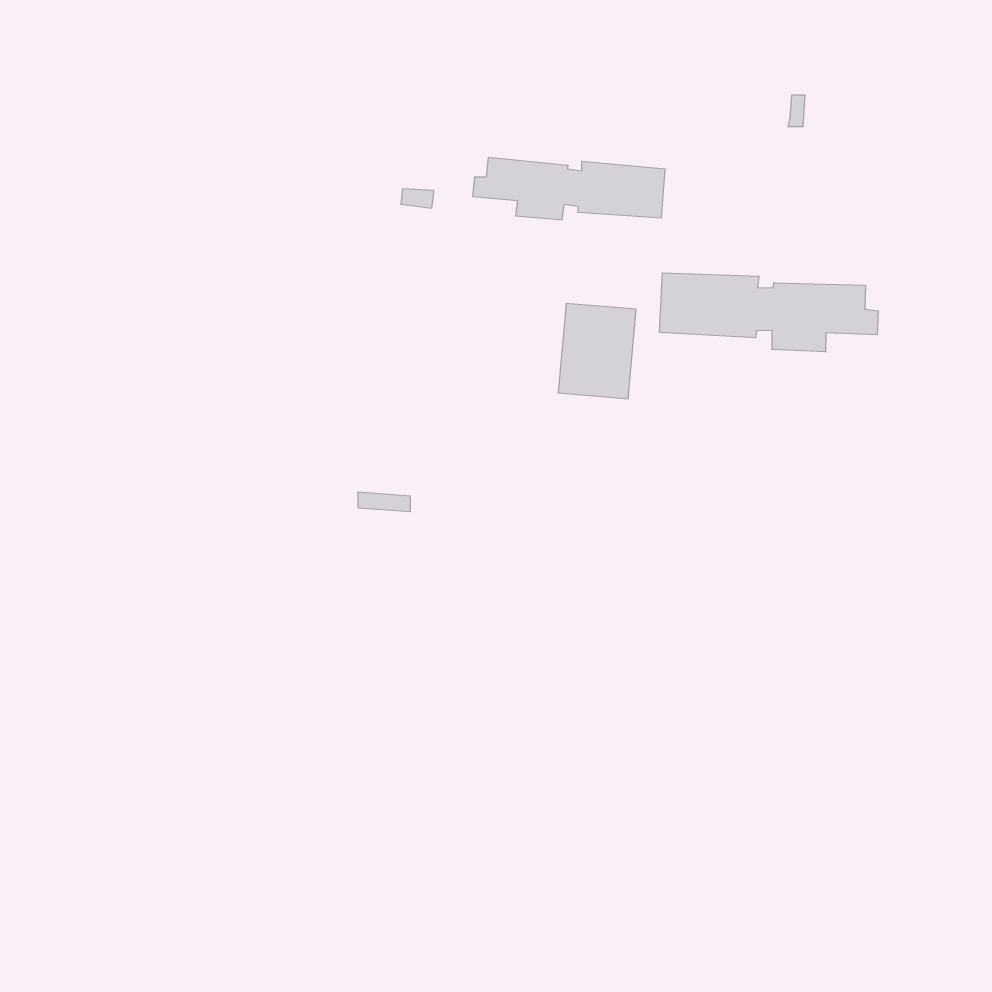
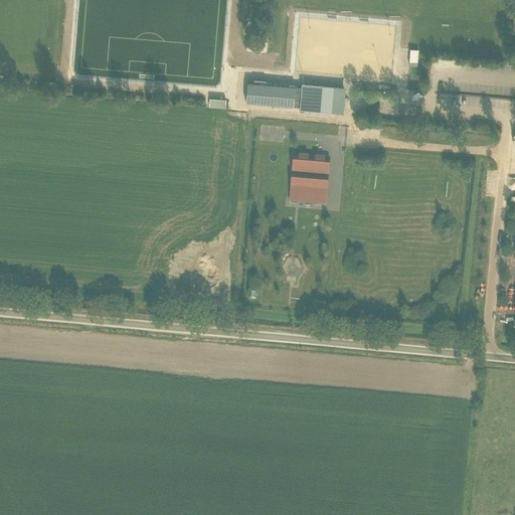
building: [660,273,878,352] -> none

